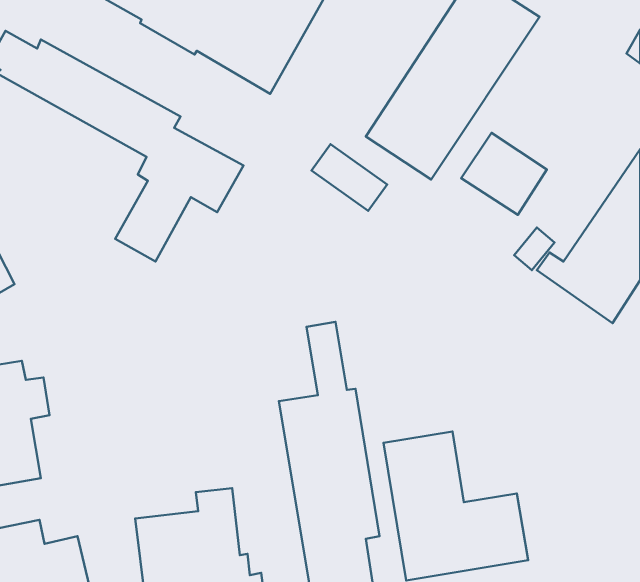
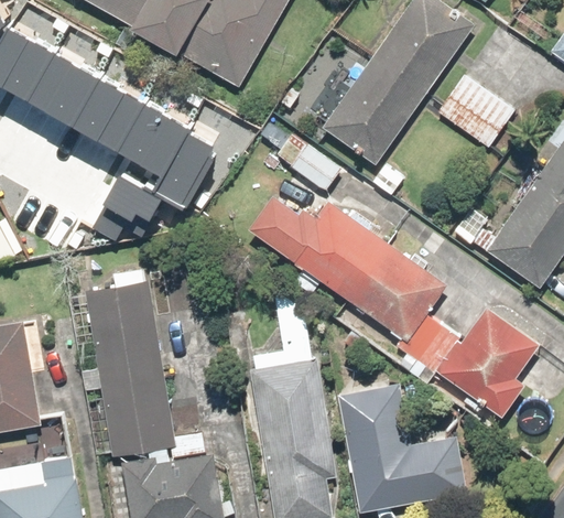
building: [461,133,547,215] -> [438,74,513,145]
building: none -> [246,196,538,419]
building: none -> [86,268,174,457]

